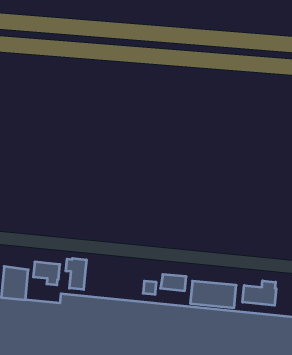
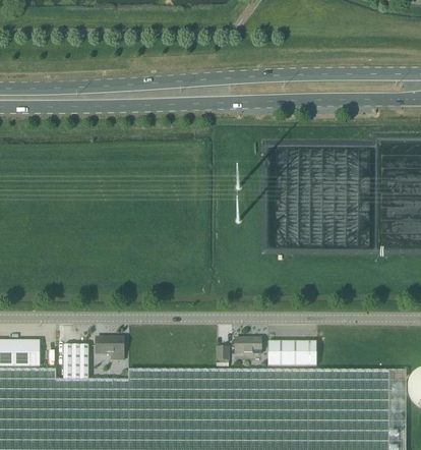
building: [66,258,86,290] -> none
building: [243,281,276,305] -> none

